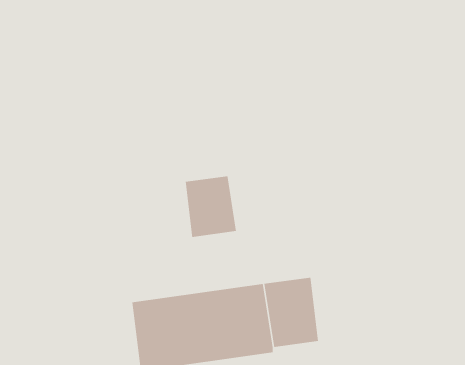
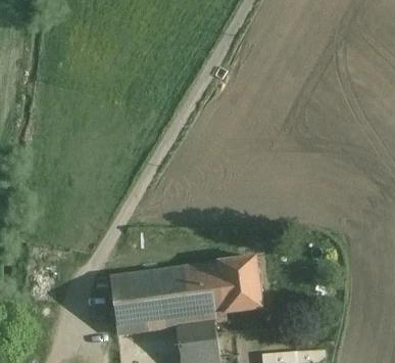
building: [185,175,237,238] -> none

